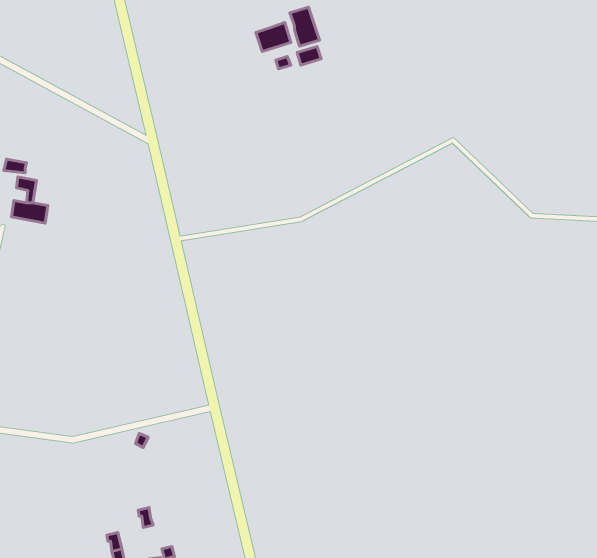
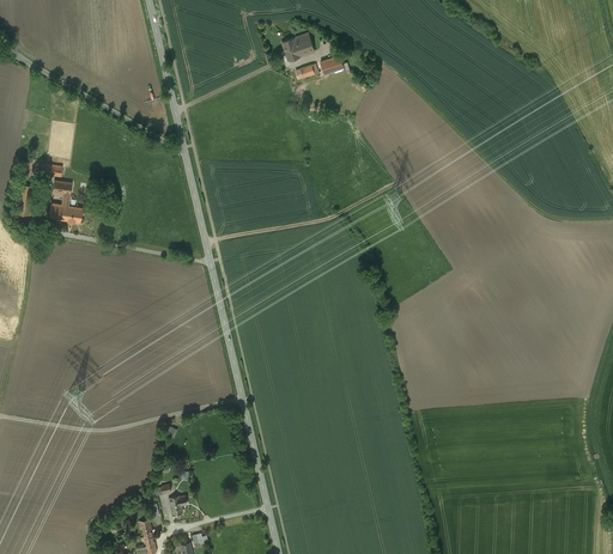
building: [290,7,320,46] -> none

